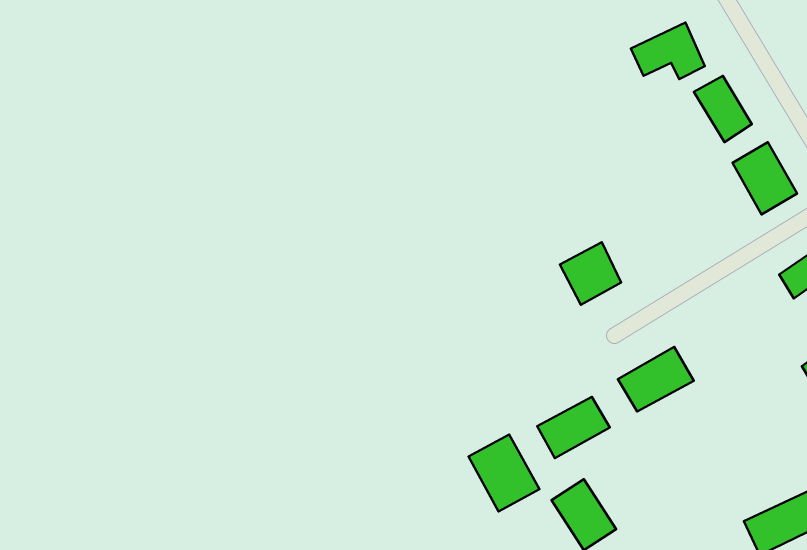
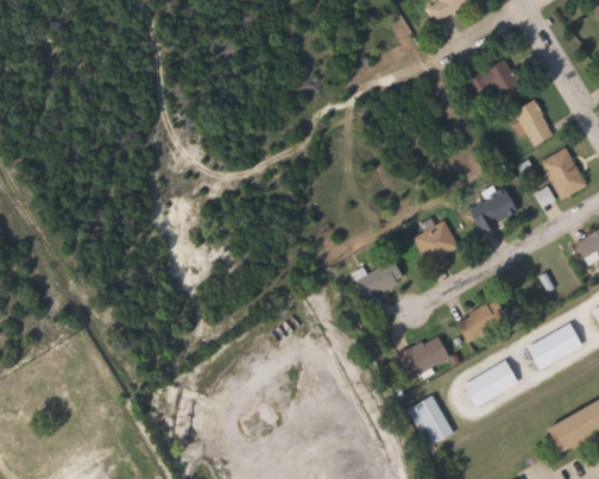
building: none -> [474,198,522,232]
building: none -> [354,259,404,298]
building: none -> [527,324,582,368]
building: none -> [462,360,518,406]
building: [468,434,539,512] -> none

